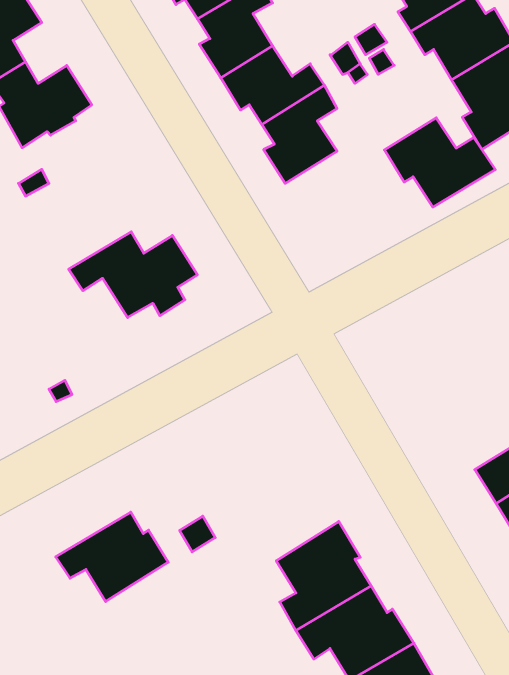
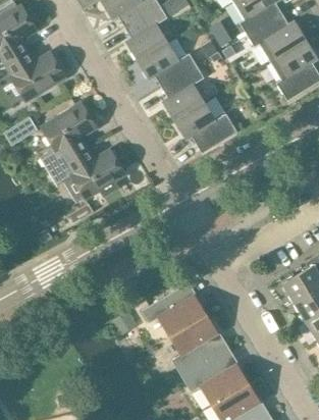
building: [384,118,495,207] -> [174,102,237,153]
building: none -> [41,103,95,169]
building: [56,512,168,602] -> [141,284,205,335]

